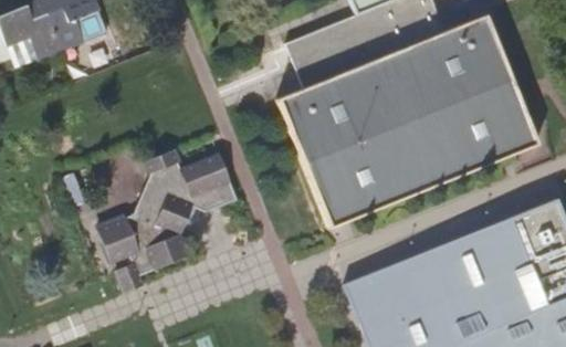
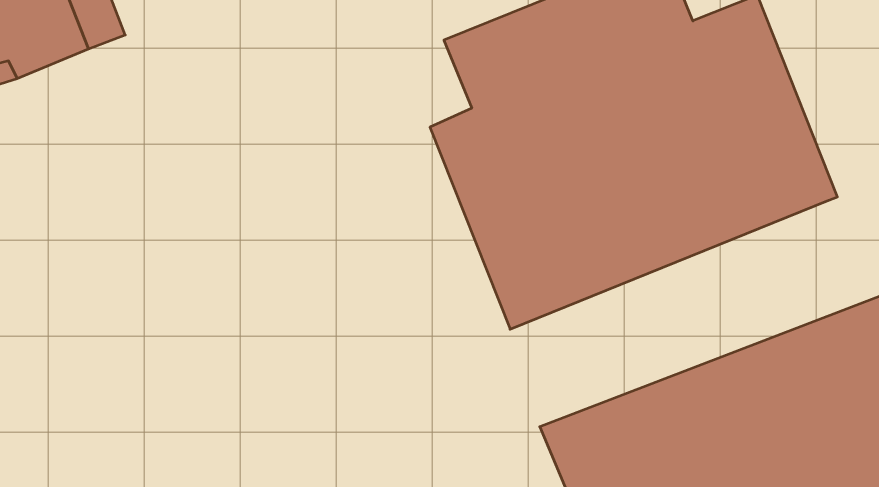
building: [97,145,238,285] -> none

